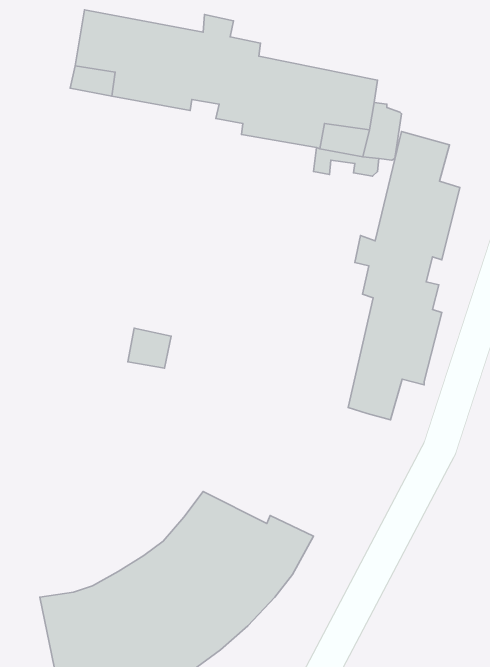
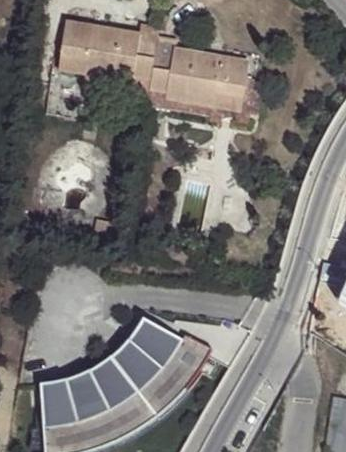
building: [348,132,460,420] -> none

